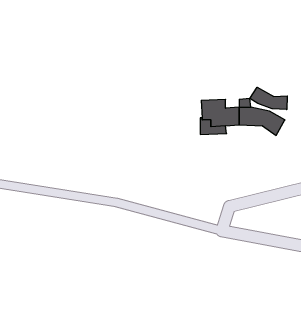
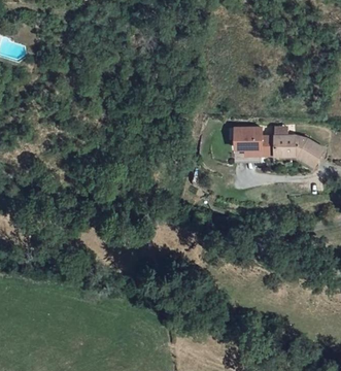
building: [250,87,287,110] -> none

